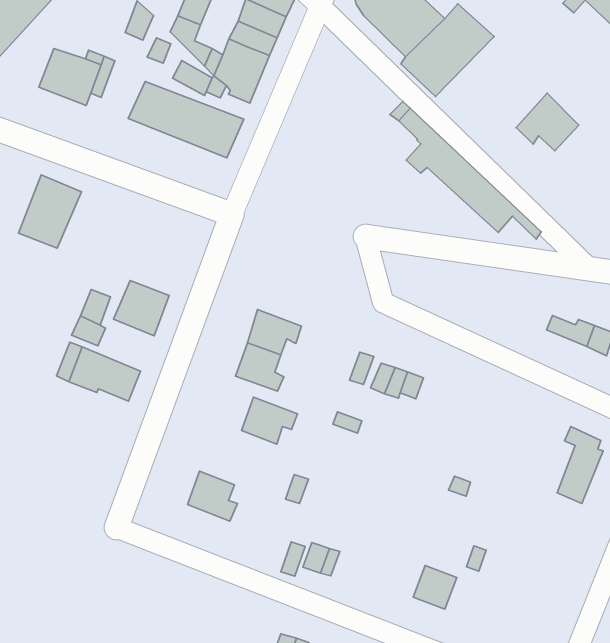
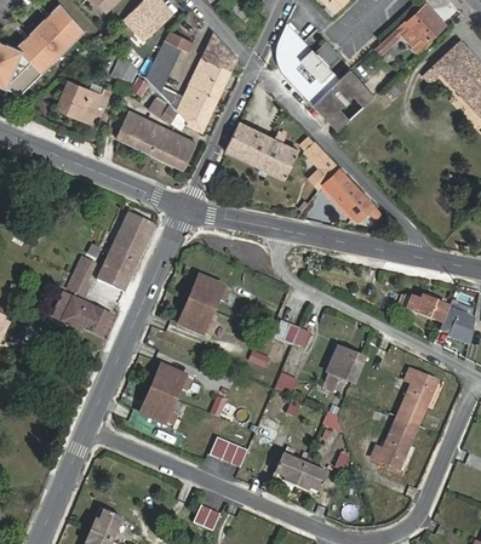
building: none -> [224,121,298,179]
building: [516,93,579,151] -> none
building: [18,175,82,248] -> [109,211,155,263]
building: [241,397,297,444] -> [150,365,190,399]
building: none -> [325,348,361,382]
building: none -> [373,417,418,470]
building: none -> [273,453,305,485]

